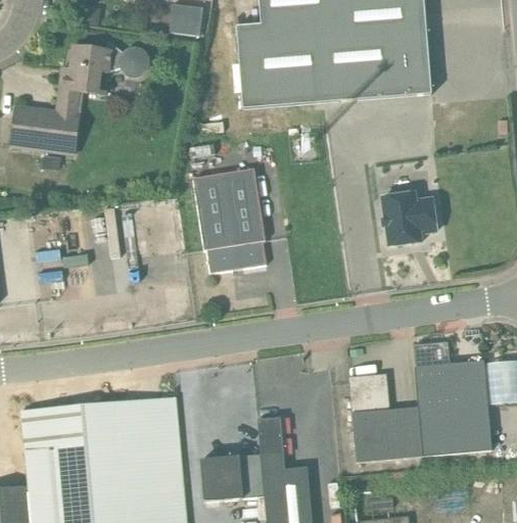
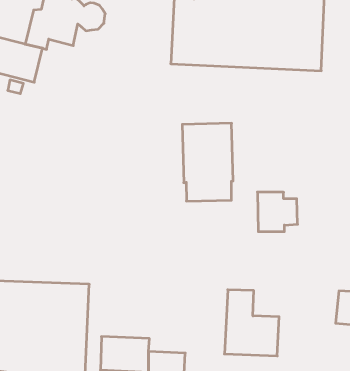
building: [192,168,266,272] -> [182,123,233,201]
building: [381,192,436,245] -> [257,192,298,232]
building: [414,360,491,456] -> none
building: [256,417,283,455] -> none

